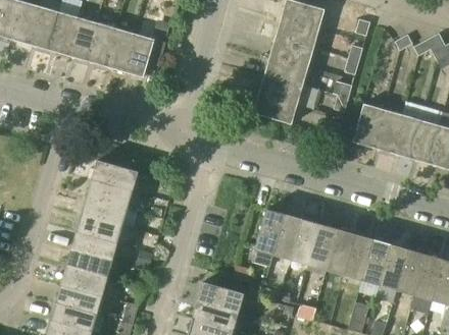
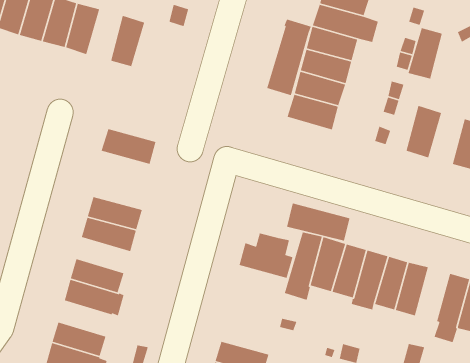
building: [86,22,115,66] -> none
building: none -> [266,18,312,96]
building: [123,34,166,77] -> none
building: [372,109,402,153] -> [408,27,443,79]
building: [91,160,138,190] -> [100,128,156,165]
building: none -> [286,203,350,242]
building: [77,214,122,243] -> none
building: [361,238,390,284] -> none
building: [61,267,107,296] -> none
building: [198,273,244,312] -> [239,233,293,279]

